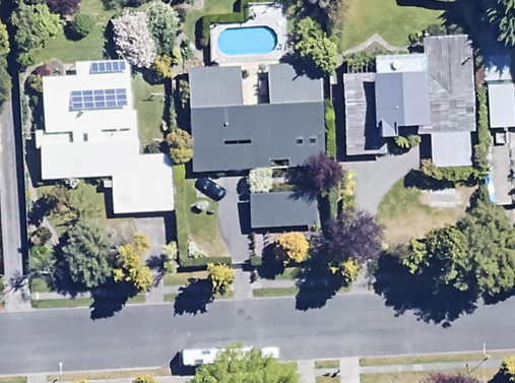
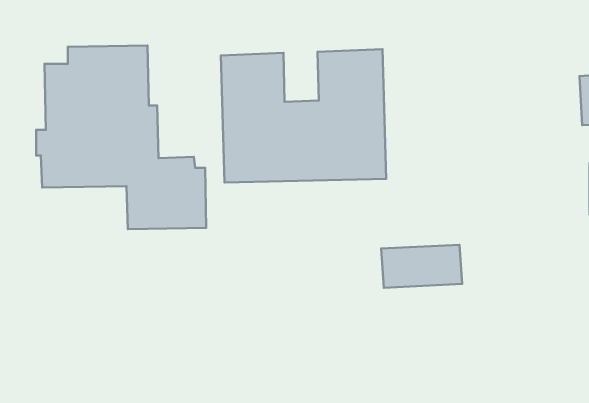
building: [343,35,474,170] -> none
building: [249,191,316,227] -> [381,245,462,288]

